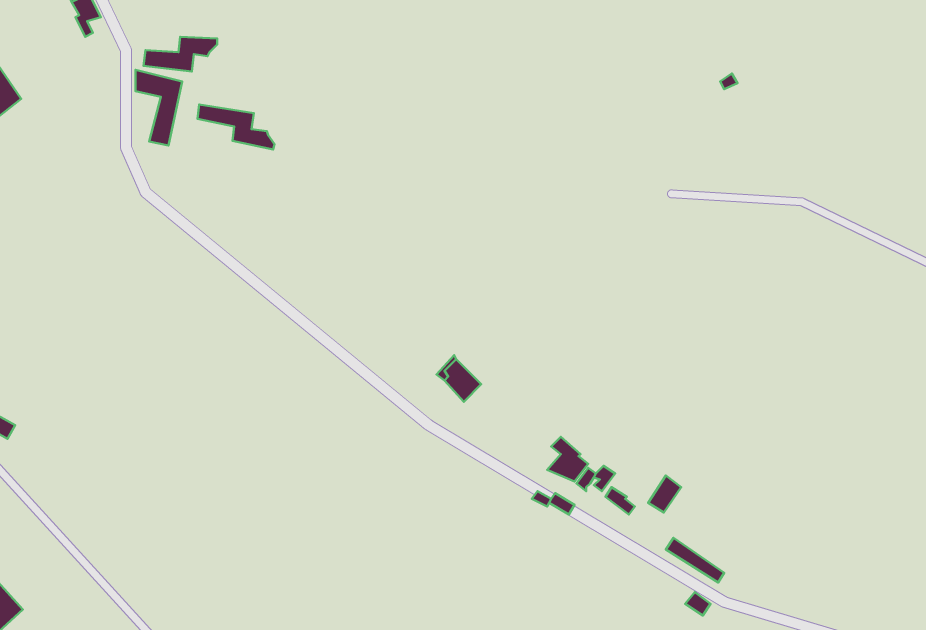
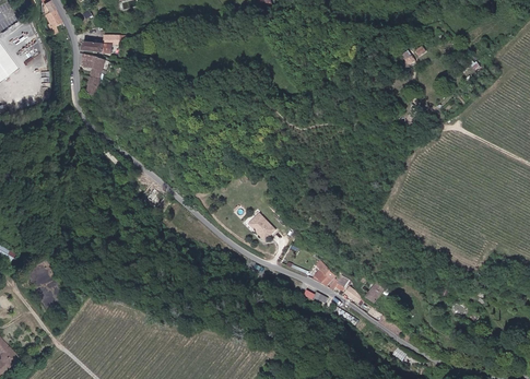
building: [198,105,275,149] -> none

